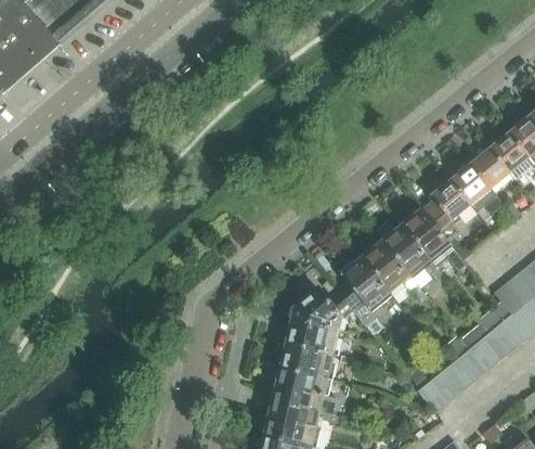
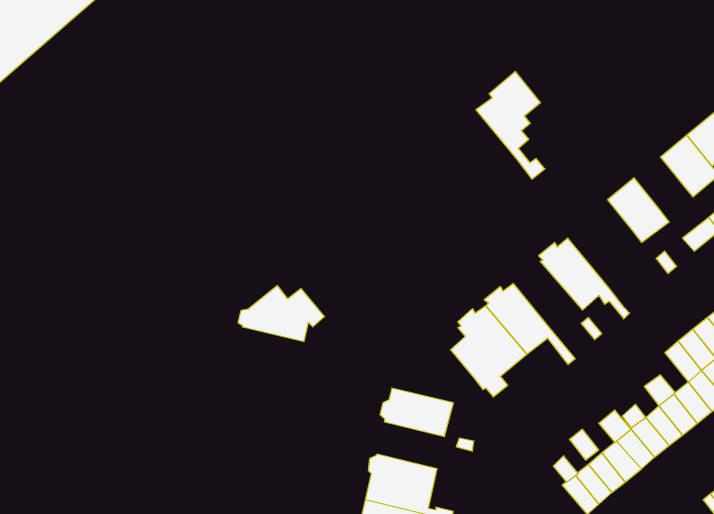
building: [470,149,508,187] -> none
building: [421,180,472,259] -> [476,72,545,179]
building: [380,226,432,278] -> none
building: [288,288,352,330] -> [238,286,325,342]
building: [277,344,330,379] -> none

